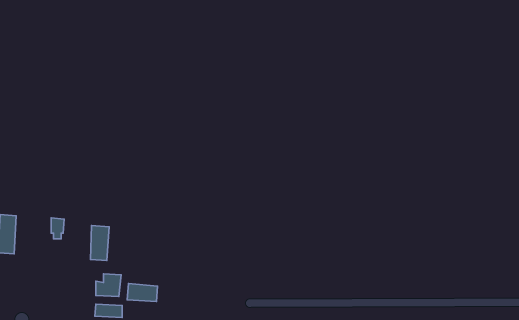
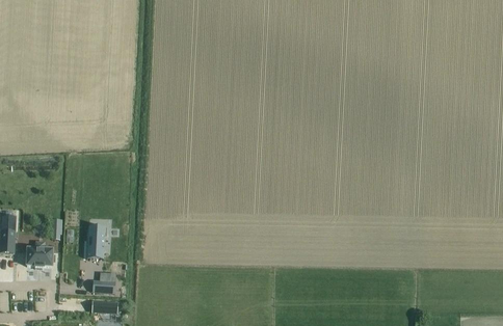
building: none -> [27,243,55,269]
building: [127,283,157,302] -> none

